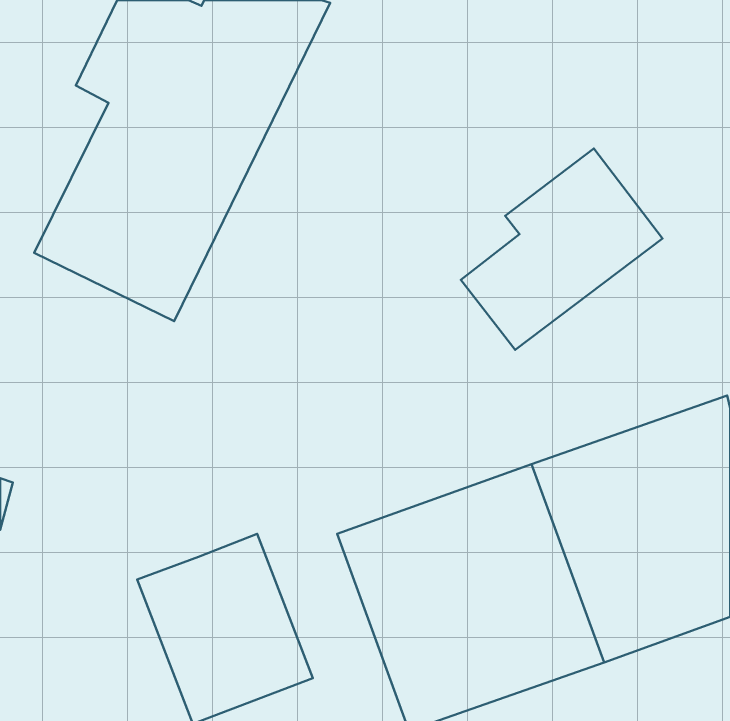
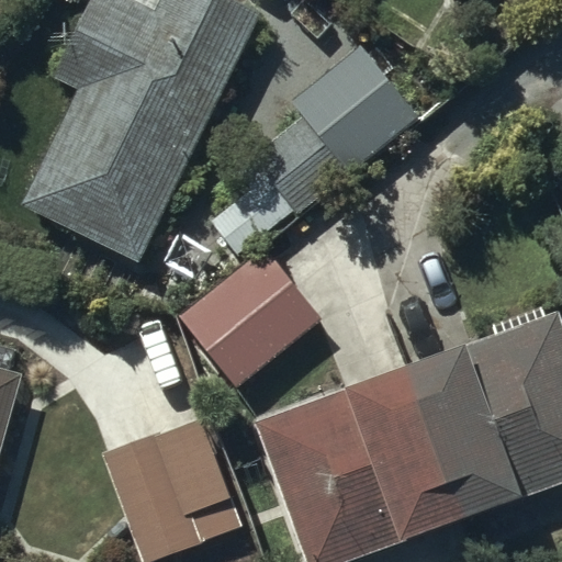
building: [461,149,662,350] -> [261,50,416,205]
building: none -> [181,252,321,390]

